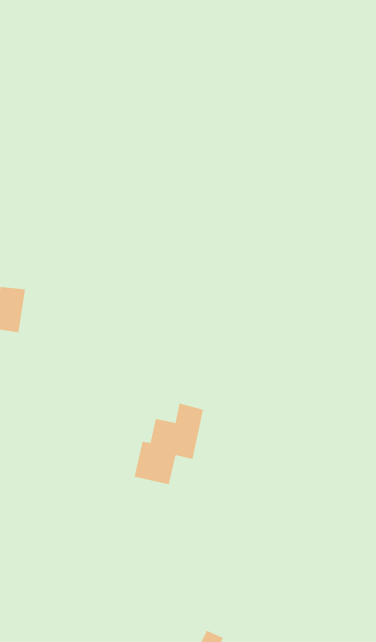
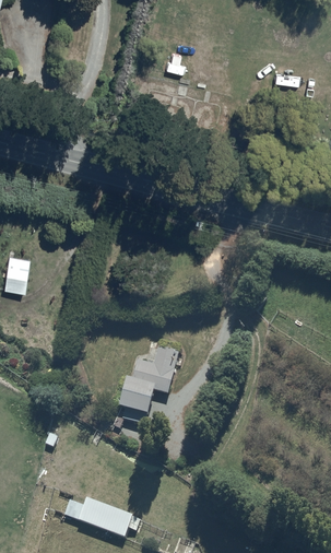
building: none -> [64,498,140,538]

